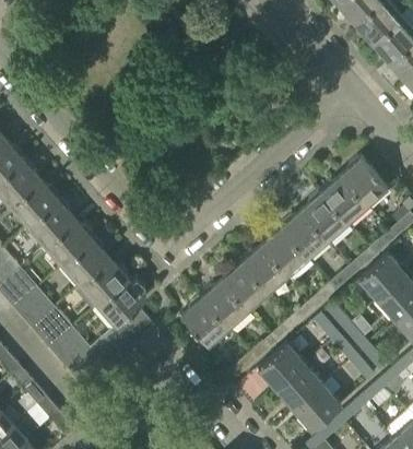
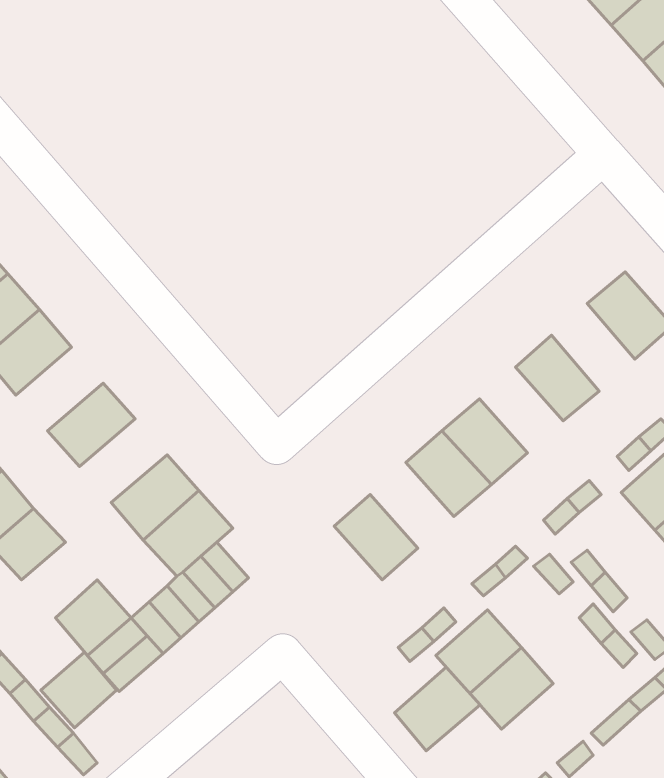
building: [321,175,367,223] -> none
building: [27,199,75,245] -> none
building: [282,210,328,257] -> none
building: [62,238,110,284] -> none
building: [222,262,268,309] -> none
building: [181,297,228,345] -> none
building: [31,306,72,347] -> [41,652,116,728]
building: [294,383,341,429] -> [394,667,480,751]

